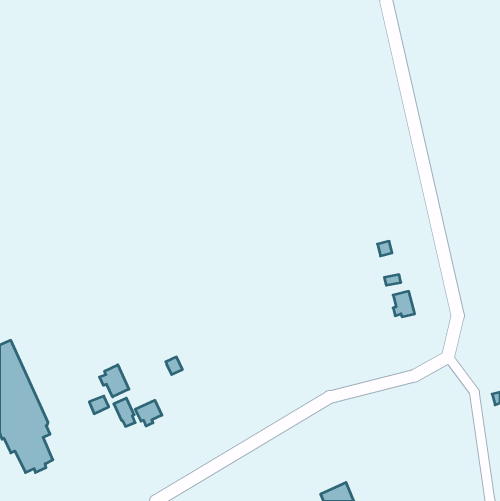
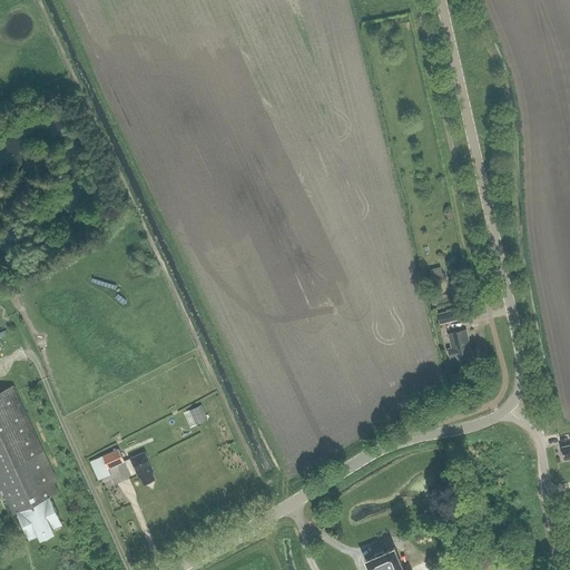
building: [99,365,129,397] -> none
building: [135,400,162,426] -> none

